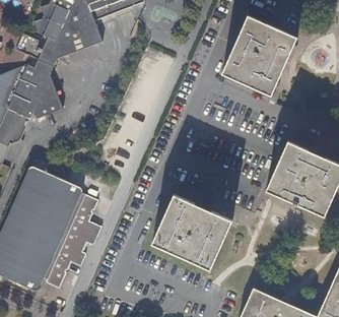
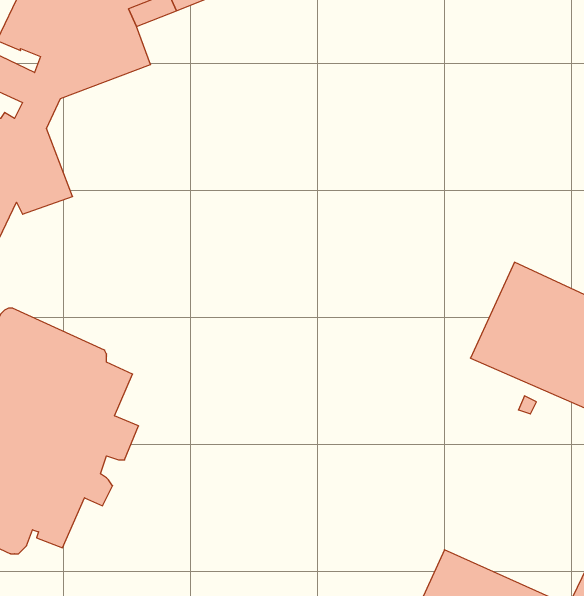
building: [221,16,295,96] -> none
building: [151,195,230,268] -> none

